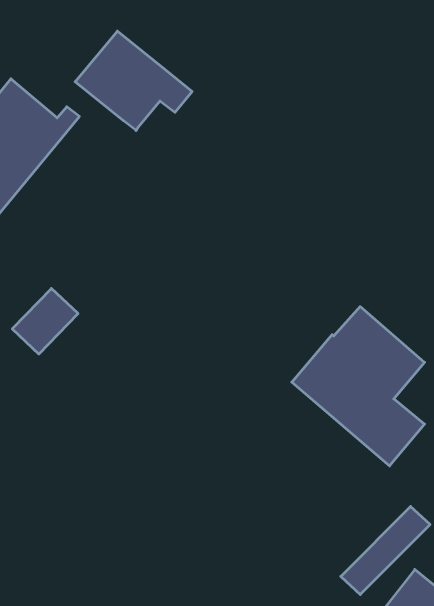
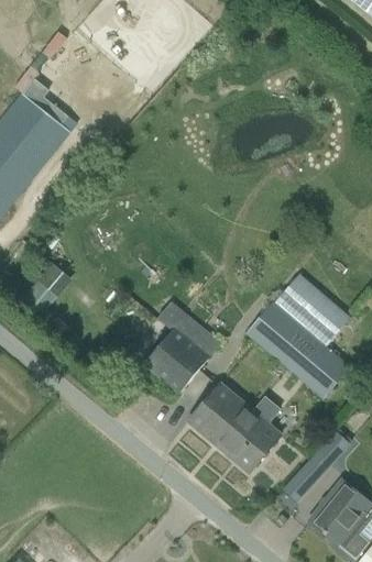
building: [75,31,192,131] -> none
building: none -> [143,301,218,393]
building: none -> [188,384,281,473]

